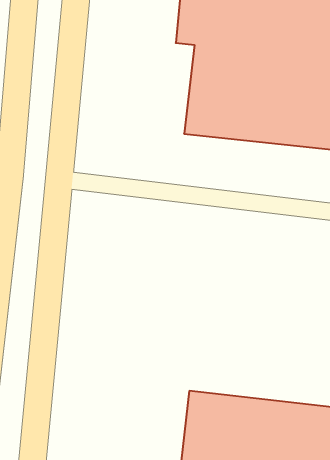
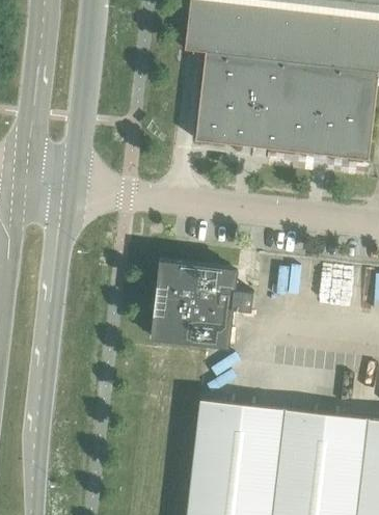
building: none -> [151,262,252,348]

